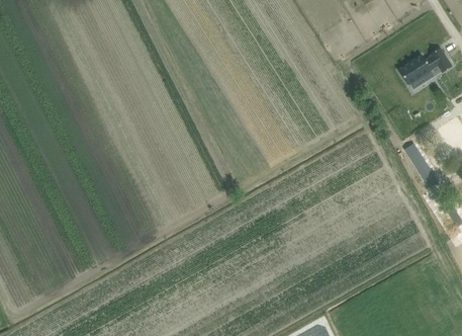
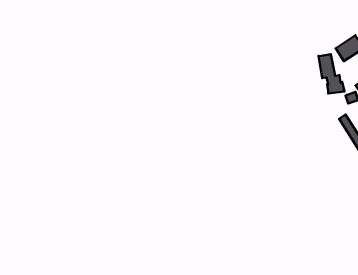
building: none -> [318,54,344,94]

